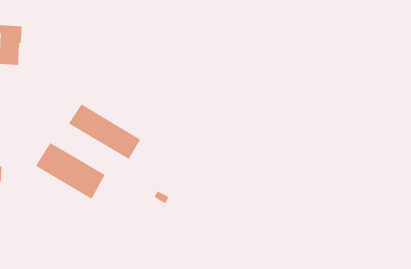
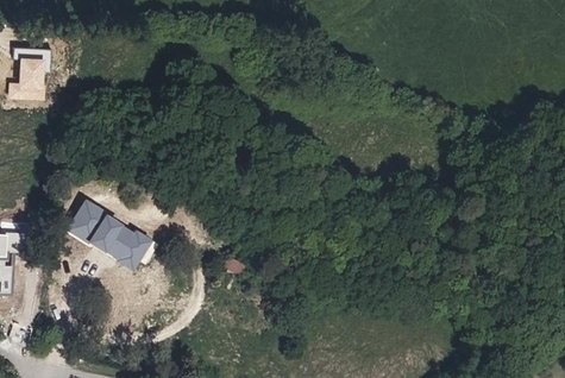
building: [68,103,141,160] -> none

